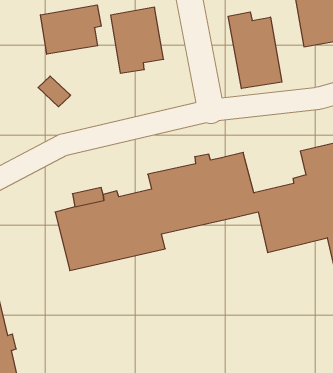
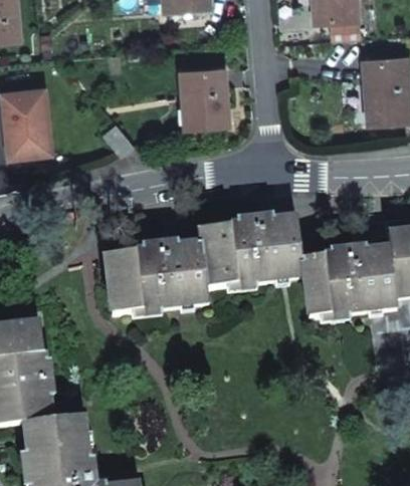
building: [41,5,101,54] -> none
building: [228,12,282,89] -> none

